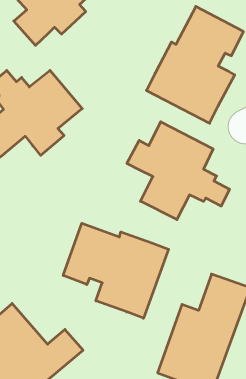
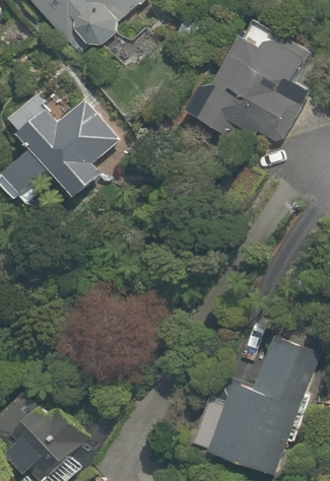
building: [127,122,229,220] -> none
building: [63,223,169,318] -> none

